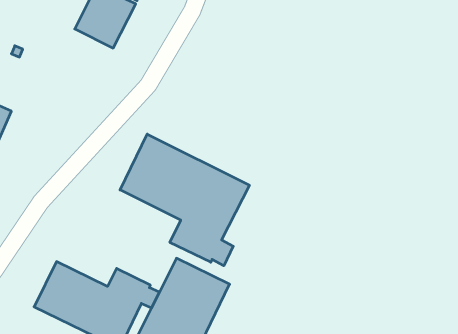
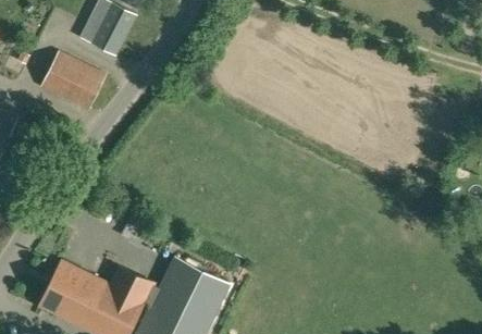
building: none -> [39,50,107,111]
building: [120,134,249,266] -> none

